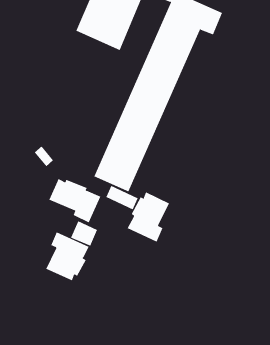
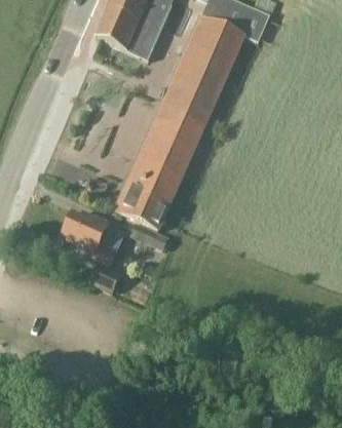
building: [127,192,170,243] -> none
building: [46,231,89,281] -> none

